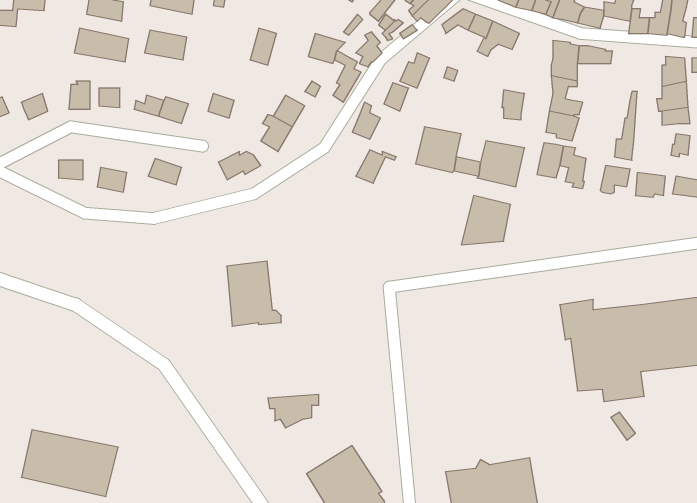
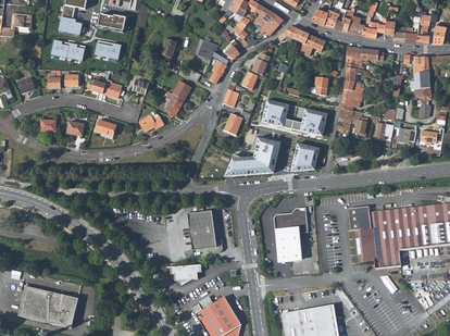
building: none -> [224,135,280,175]
building: [227,261,281,326] -> [186,210,220,250]
building: none -> [272,208,304,262]

